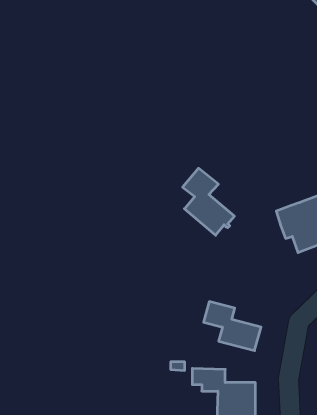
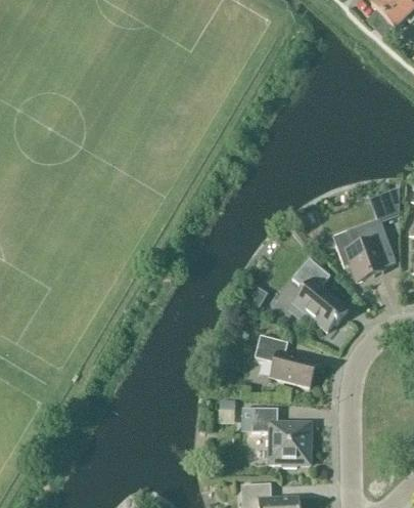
building: [183,168,234,235] -> [291,257,348,330]

